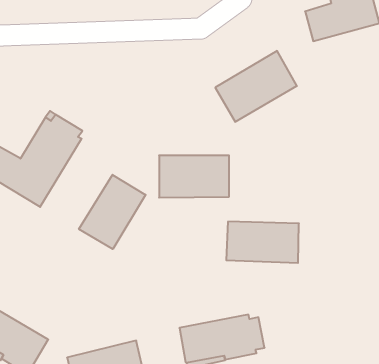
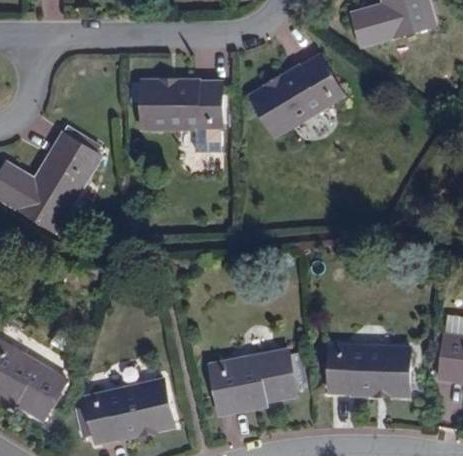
building: [159,155,229,198] -> [141,83,219,130]
building: [79,175,146,249] -> none
building: [226,222,299,263] -> [328,347,409,393]

